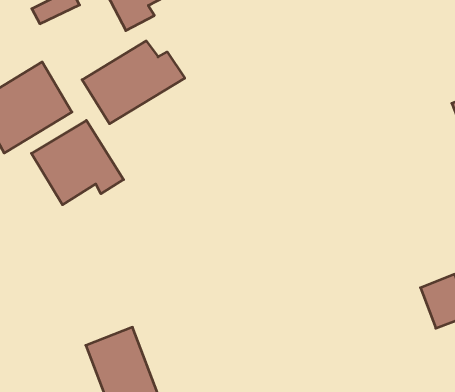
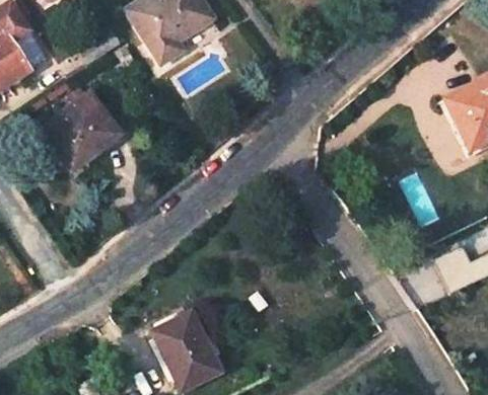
building: [82,41,185,124] -> none
building: [31,120,124,205] -> none

